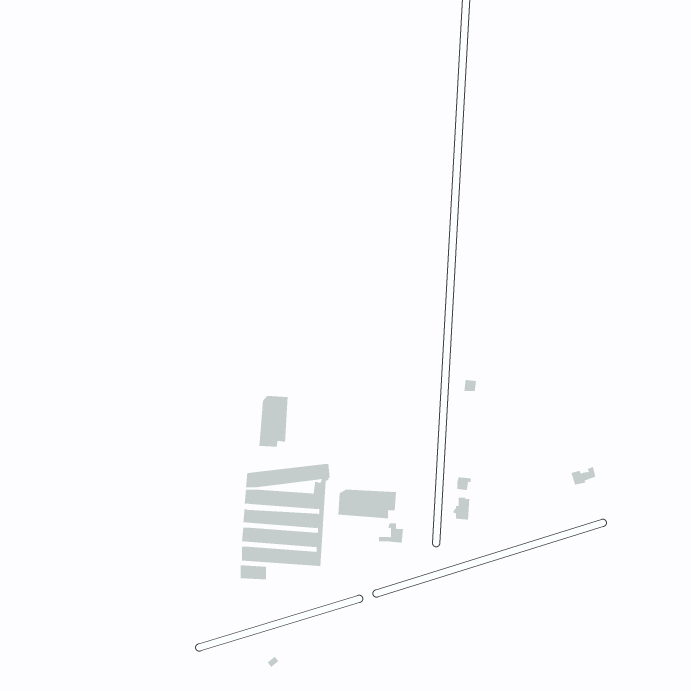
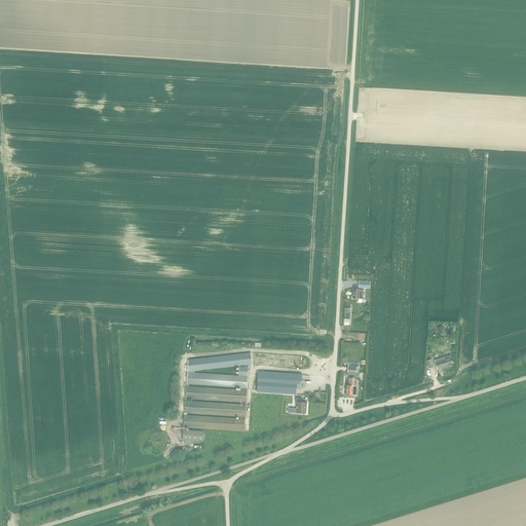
building: [259,395,288,448] -> none

